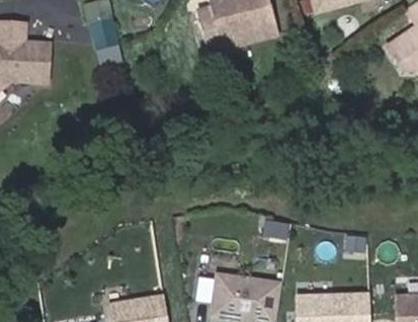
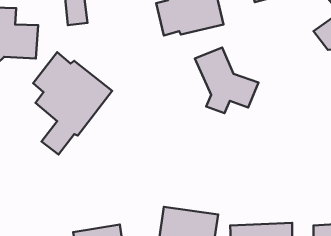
building: none -> [195,47,259,113]
building: none -> [33,52,112,154]

